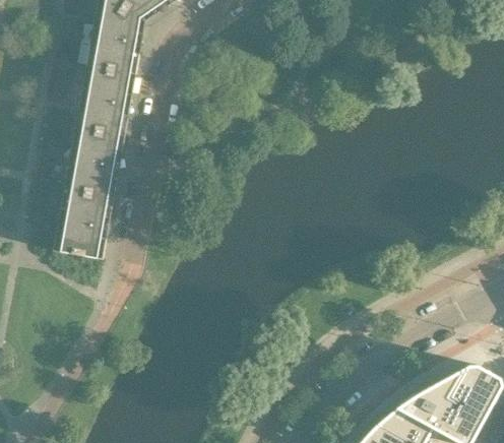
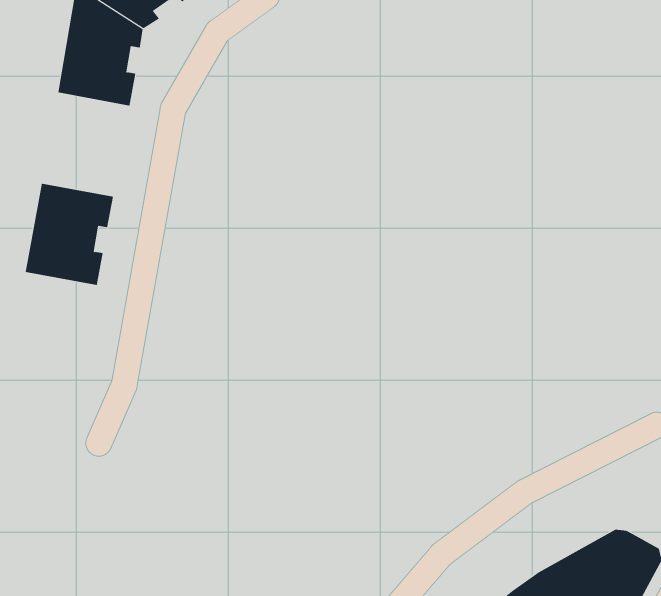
building: [75,66,136,137] -> none
building: [53,189,114,260] -> none

